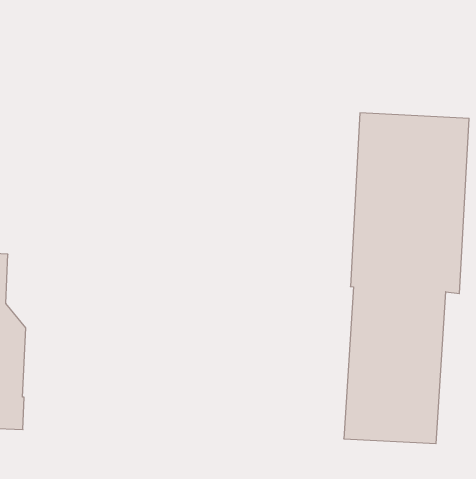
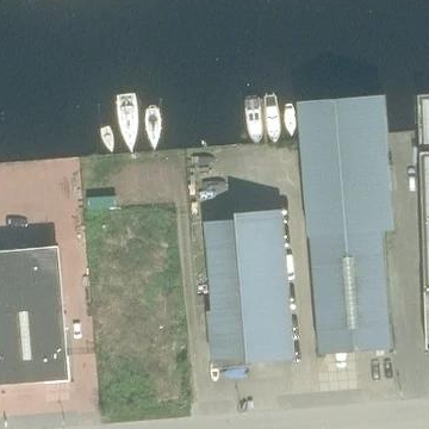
building: none -> [211,212,288,359]

